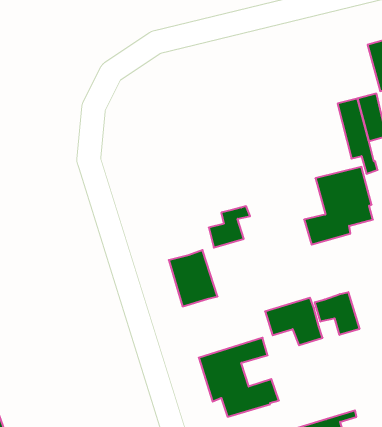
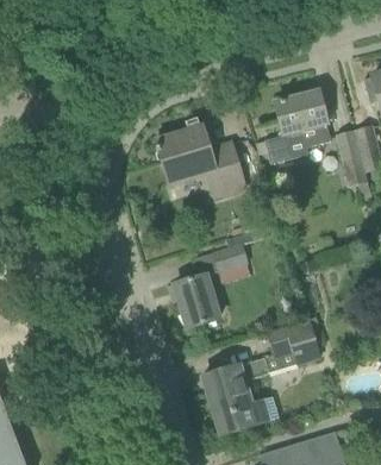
building: none -> [156,124,238,196]
building: [304,167,373,245] -> [264,90,330,164]
building: [315,292,359,335] -> none

